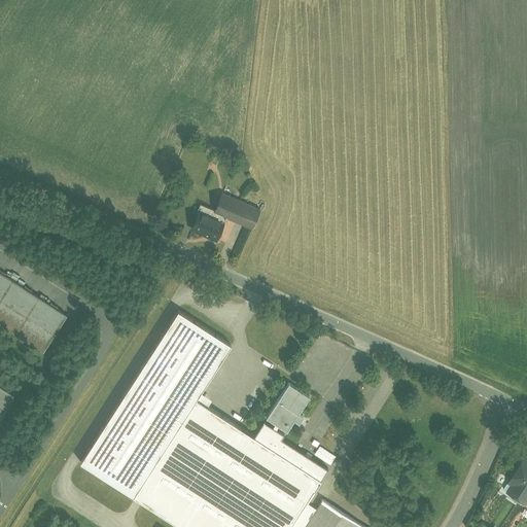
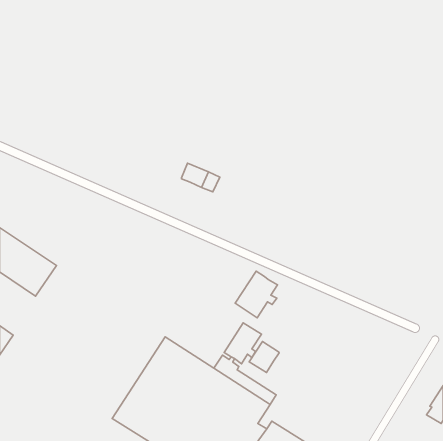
building: [191,215,225,242] -> none
building: [79,314,231,499] -> none
building: none -> [235,271,278,318]
building: none -> [249,341,279,373]

